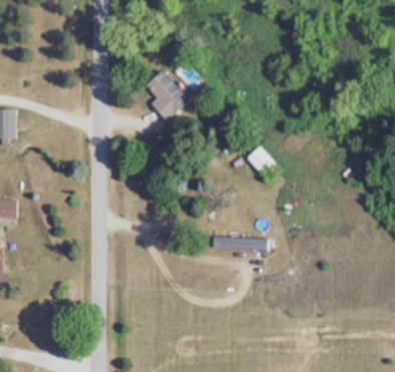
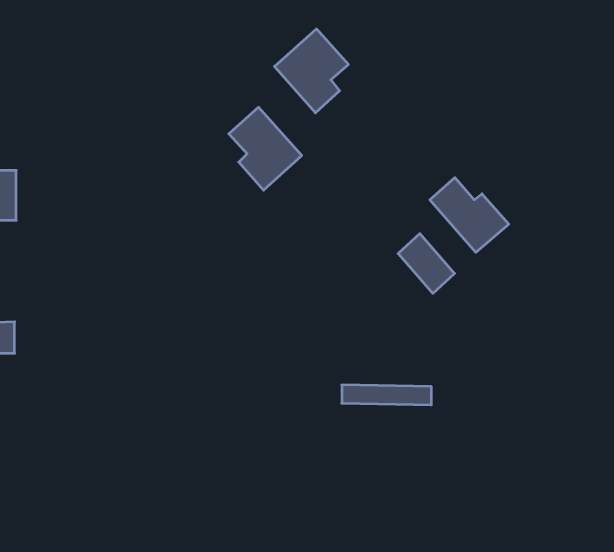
building: none -> [274,29,348,113]
building: none -> [430,178,509,252]

